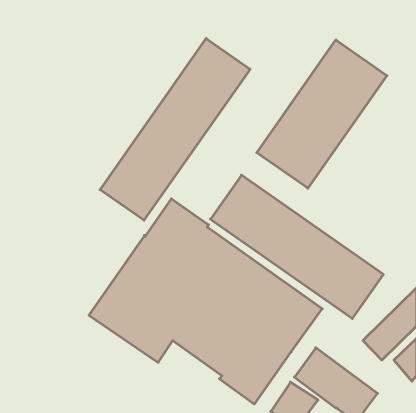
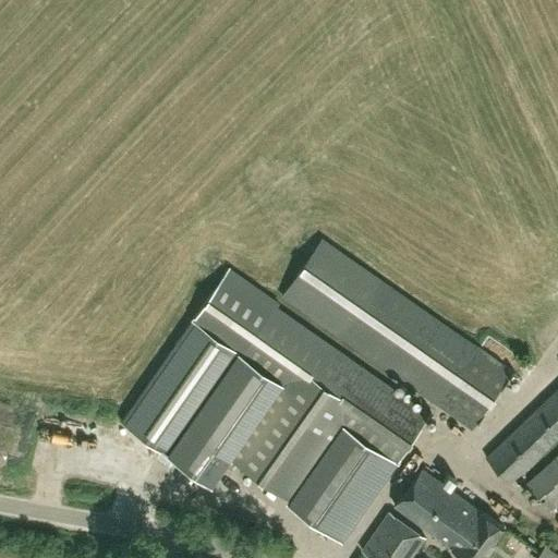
building: [100,38,250,220] -> none
building: [257,40,387,188] -> none

